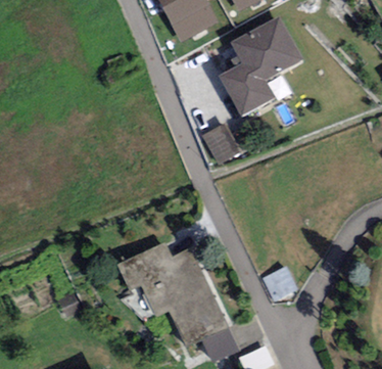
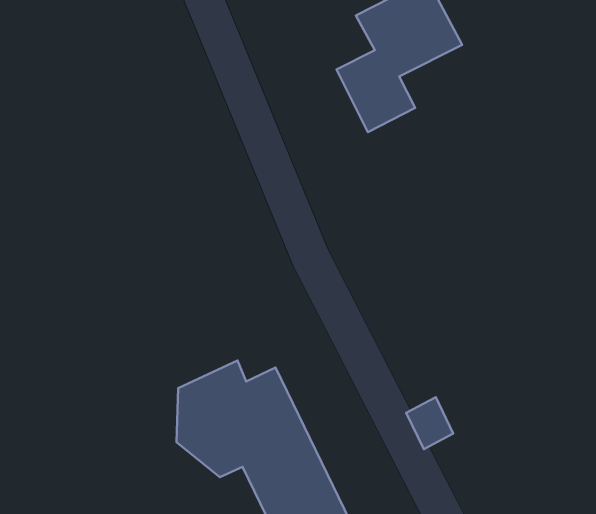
building: [203,122,244,164] -> none

